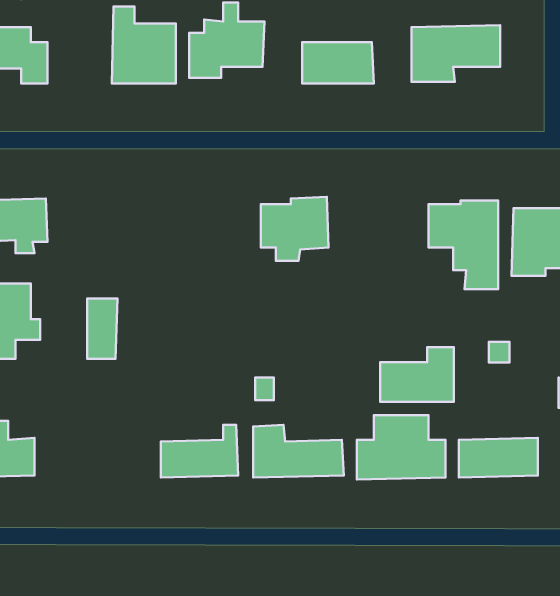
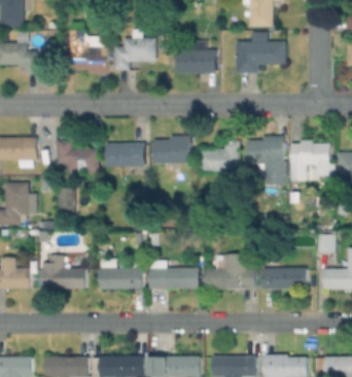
building: none -> [58,139,99,173]
building: none -> [106,143,144,174]
building: [380,347,454,402] -> [198,140,238,170]
building: none -> [42,255,85,288]

